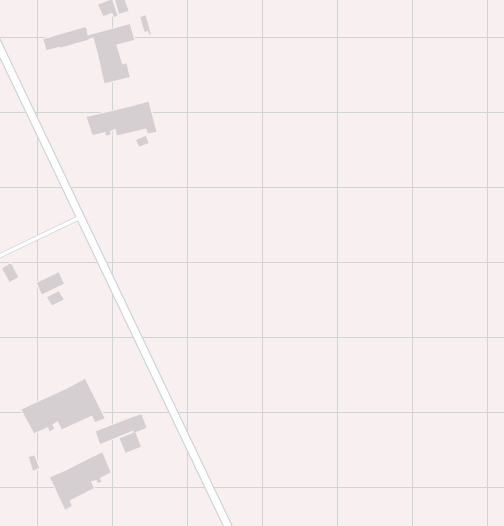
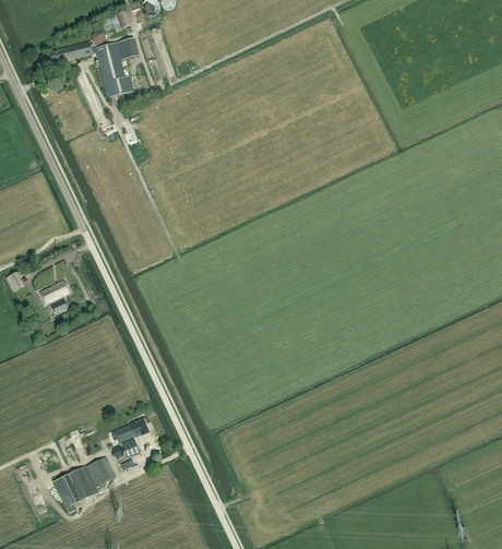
building: [86,101,157,136] -> none
building: [21,378,105,434] -> none

